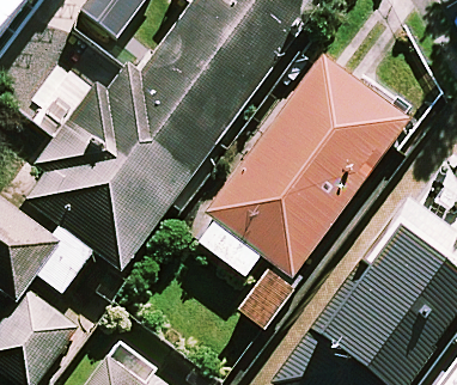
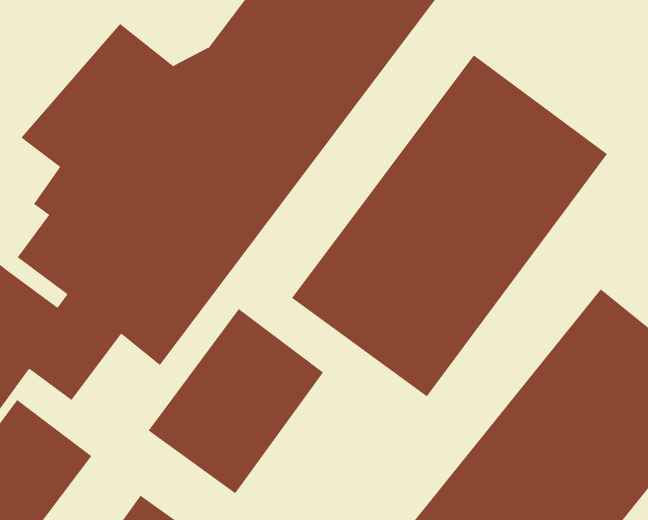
building: none -> [148,308,324,494]

